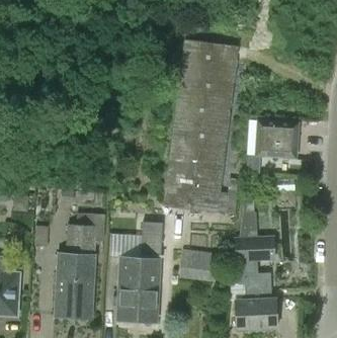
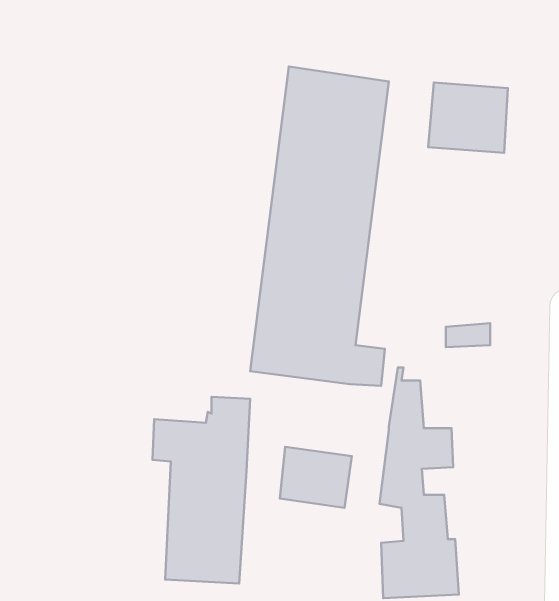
building: [255,120,299,159] -> [428,83,508,153]
building: [54,223,105,320] -> none

